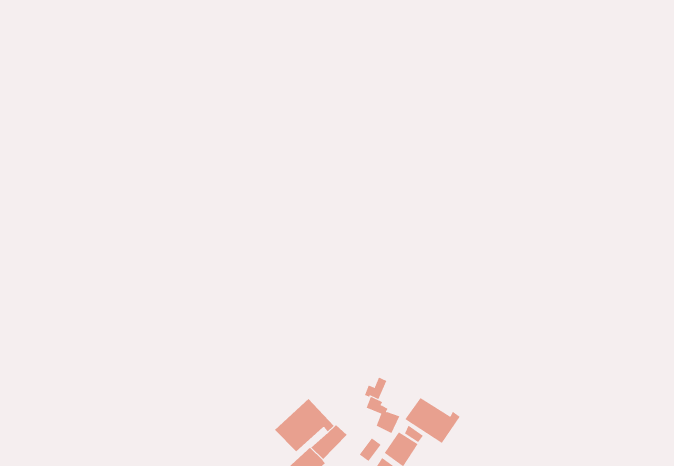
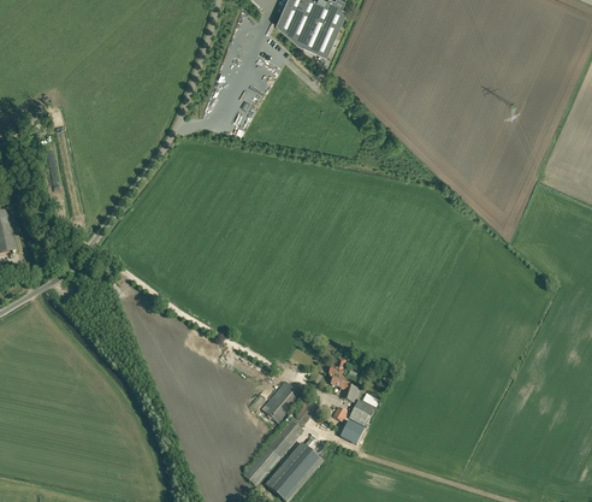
building: [405,397,460,444] -> none

